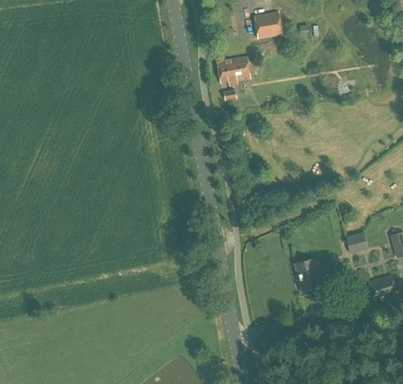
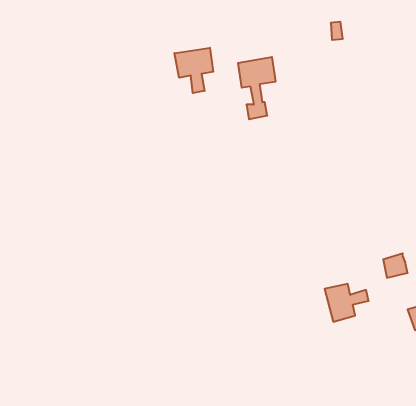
building: [254,13,281,39] -> none
building: none -> [174,48,213,93]

